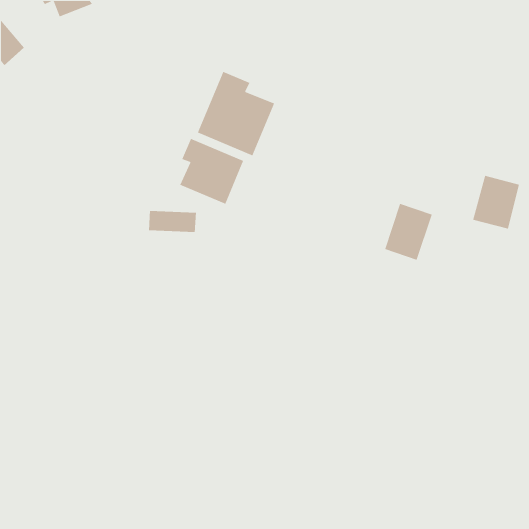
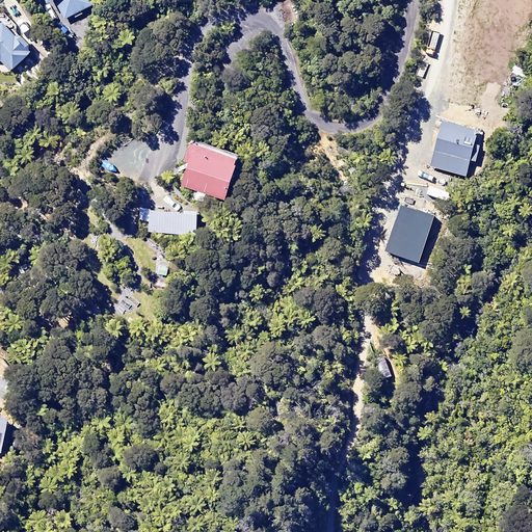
building: [197,71,275,156] -> none
building: [472,175,520,230] -> [430,121,478,176]

